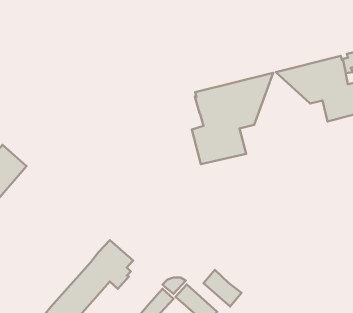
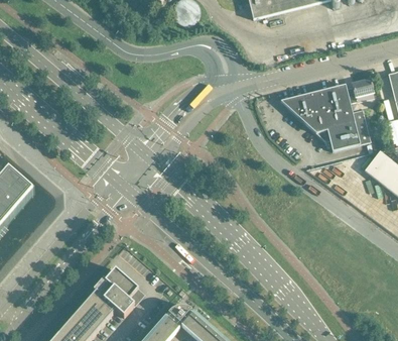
building: [192,73,273,164] -> none
building: [203,270,241,306] -> none

